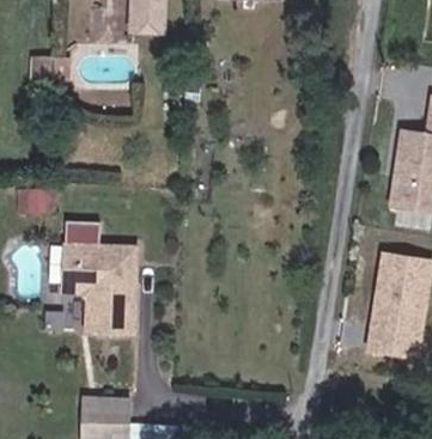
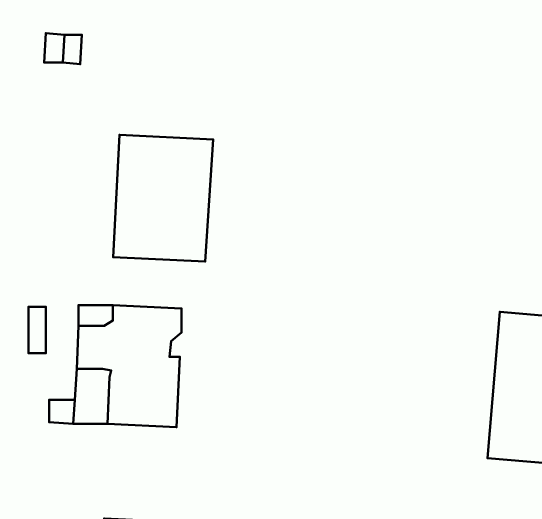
building: none -> [113,135,213,262]

